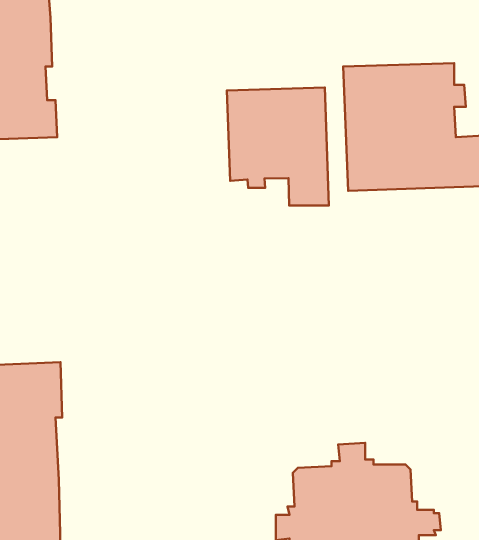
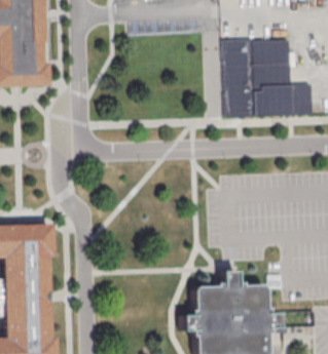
building: [227,88,329,206] -> none

